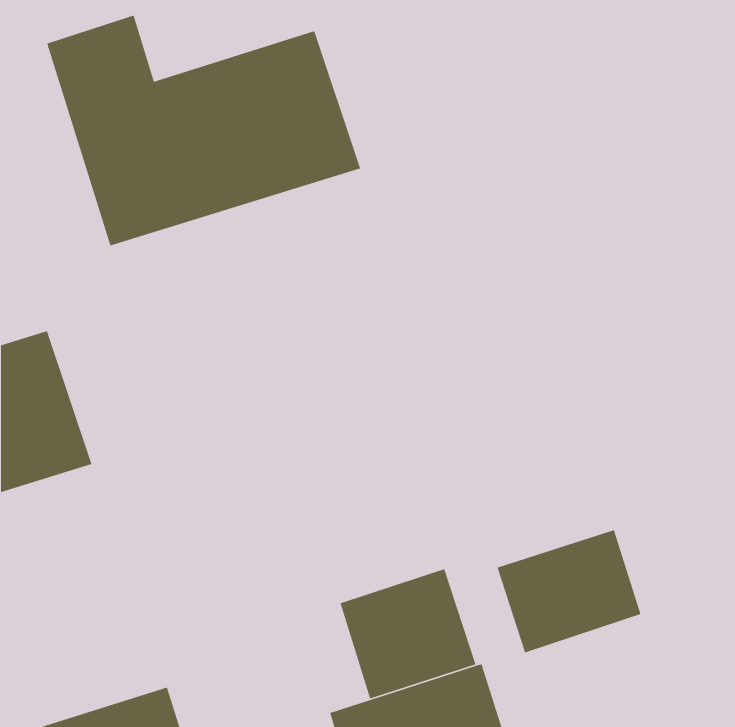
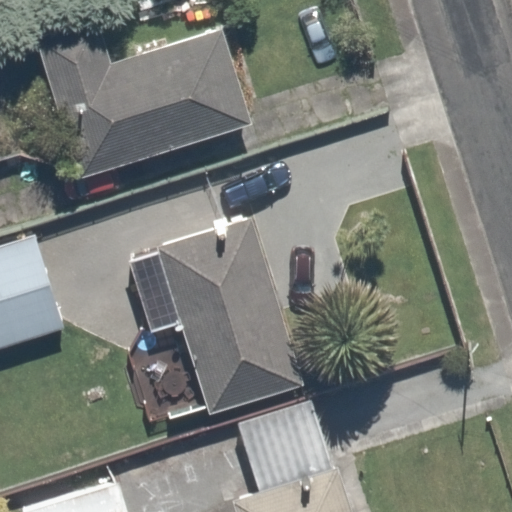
building: none -> [127,218,302,415]
building: [497,529,642,653] -> none

